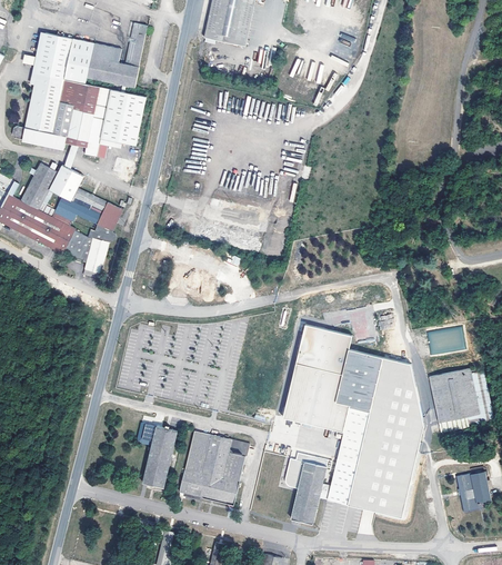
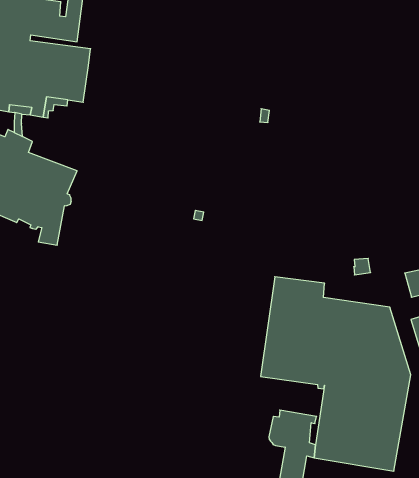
building: [140,423,177,487] -> none
building: [178,429,249,504] -> none

